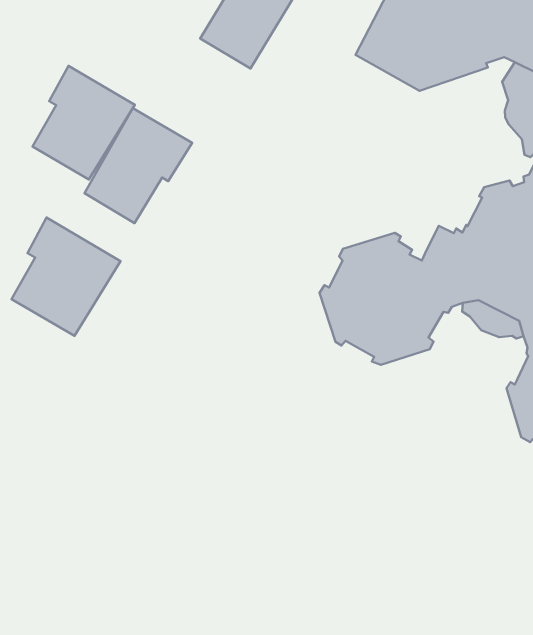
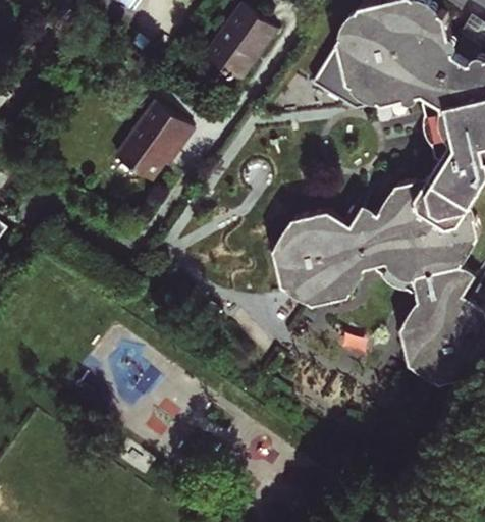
building: [32,66,135,180] -> none
building: [11,218,120,336] -> none

